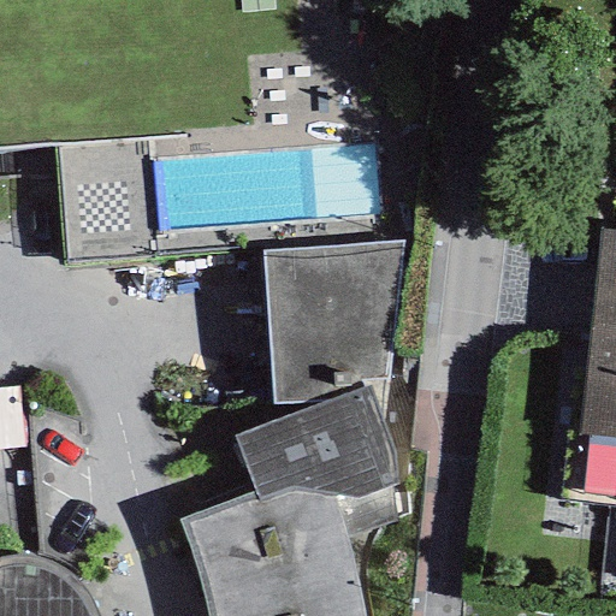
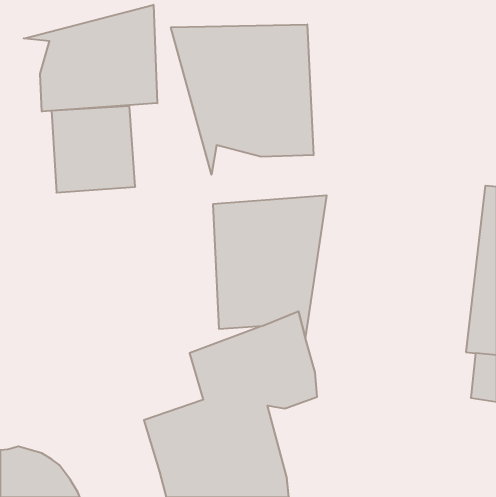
building: none -> [24,5,157,112]
building: none -> [171,24,313,175]

